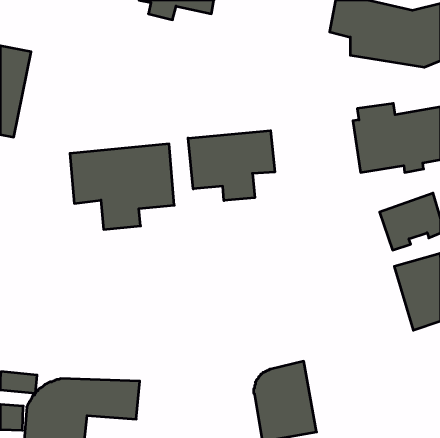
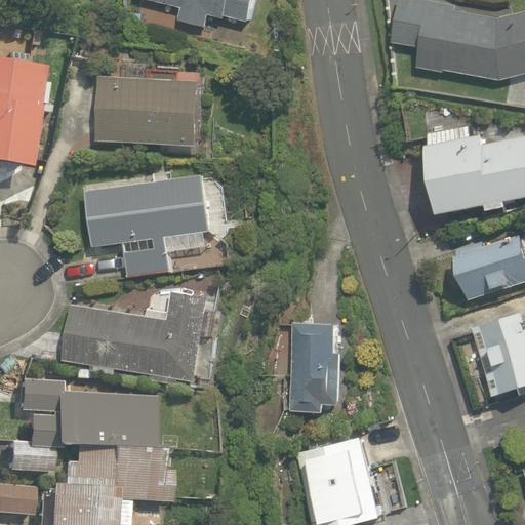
building: none -> [97,76,193,142]
building: [188,131,275,201] -> none
building: none -> [66,290,221,385]
building: none -> [291,317,339,405]
building: none -> [13,389,147,449]

